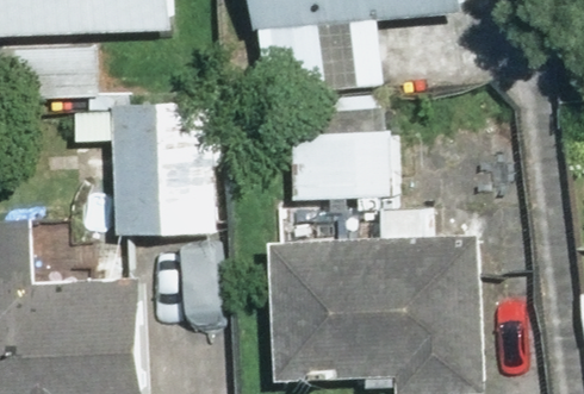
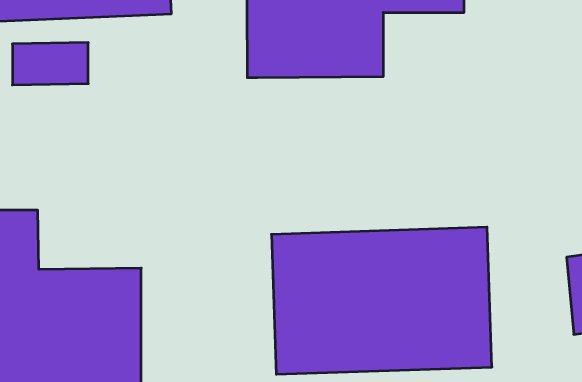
building: [286,100,391,194] -> none
building: [108,106,216,233] -> none

